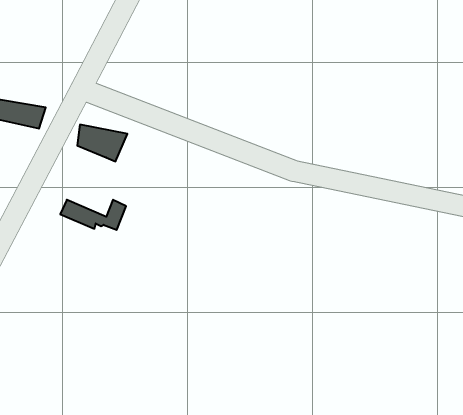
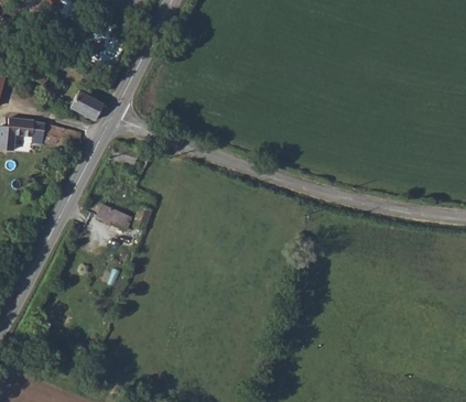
building: none -> [69,91,104,122]

